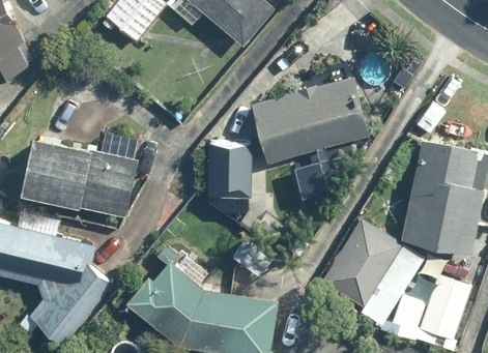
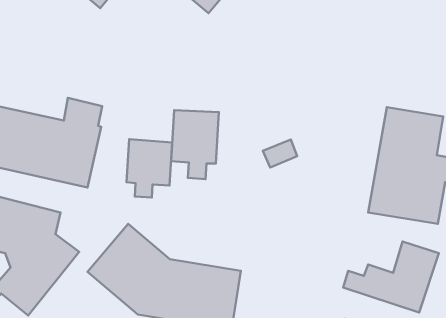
building: [254,78,369,161] -> none
building: none -> [126,139,172,198]
building: [318,219,418,312] -> none

